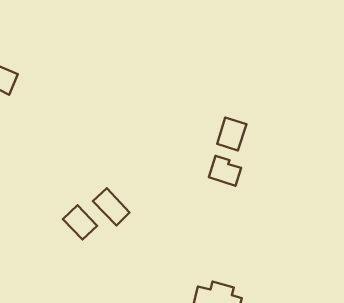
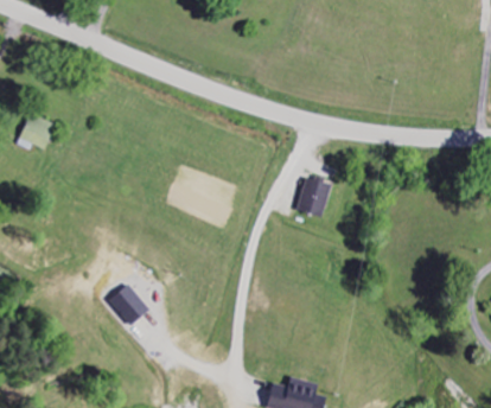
building: [209,156,241,186] -> none
building: [93,188,129,225] -> none

